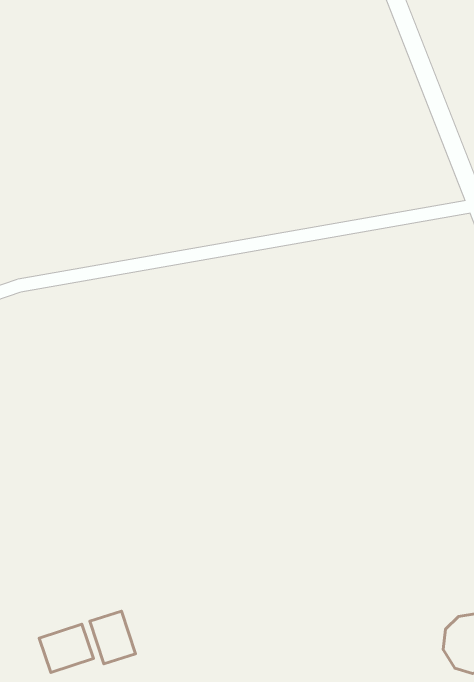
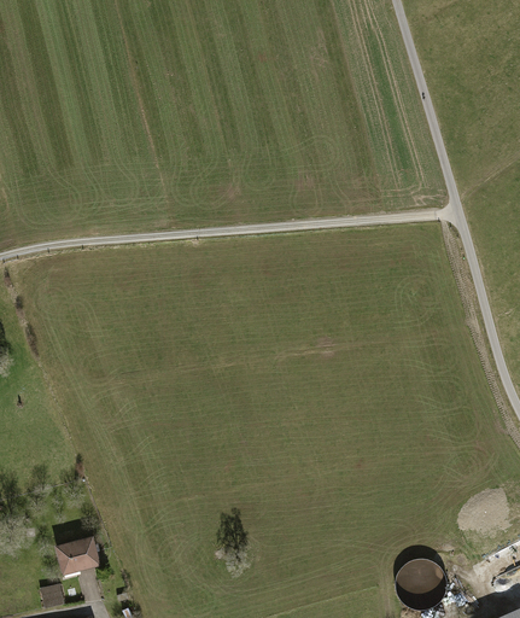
building: [90,611,135,664] -> none

